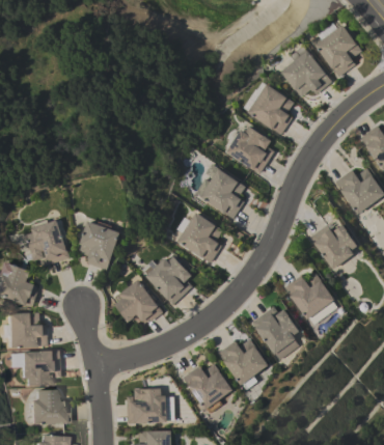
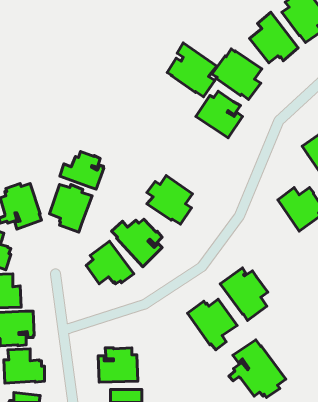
building: [195,163,246,218] -> [167,43,217,97]
building: none -> [60,151,104,189]
building: [284,273,338,325] -> none
building: [183,363,232,410] -> none
building: none -> [229,340,286,398]

